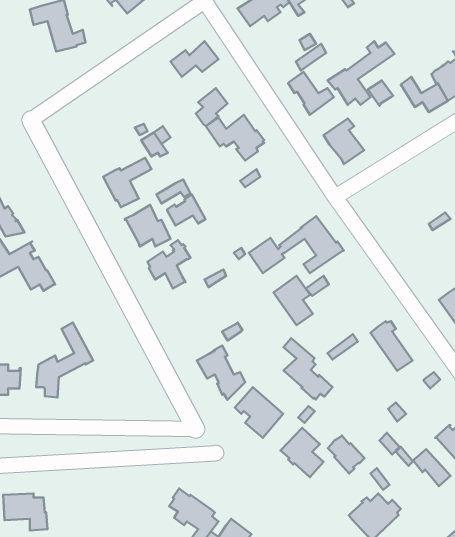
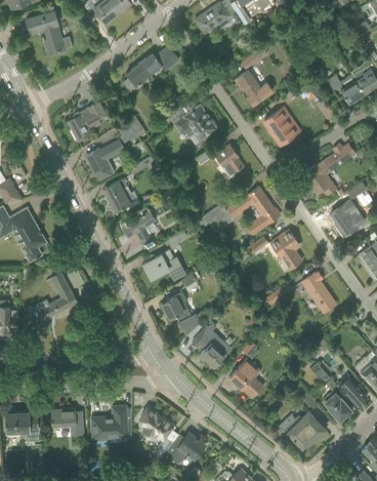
building: [327,41,395,105] -> [301,143,355,194]
building: [196,88,227,126] -> [124,62,150,92]
building: none -> [69,102,107,141]
building: none -> [215,145,244,177]
building: [167,195,205,225] -> none
building: none -> [331,200,366,236]
building: [274,276,313,325] -> [270,230,302,270]
building: none -> [143,250,185,280]
building: [283,338,332,399] -> none
building: [328,435,365,473] -> [323,391,352,422]
building: none -> [92,405,128,437]
building: none -> [52,408,84,436]

